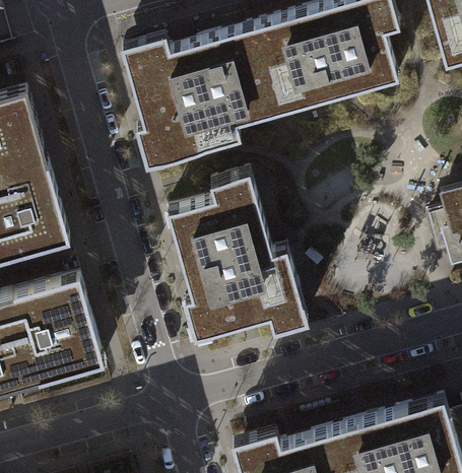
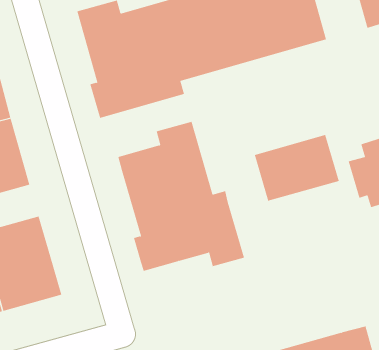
building: none -> [254,134,339,202]

